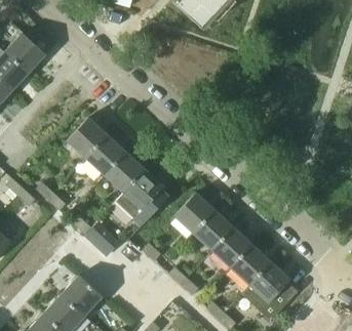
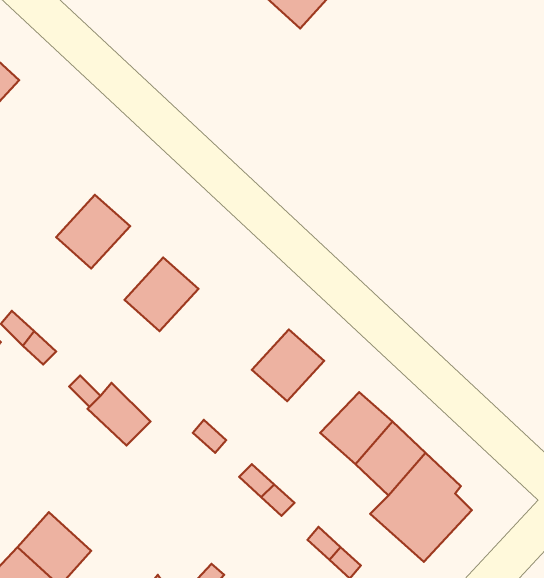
building: [85,134,125,175] -> none
building: [115,169,167,219] -> none
building: [194,209,234,249] -> none
building: [62,274,103,315] -> none

